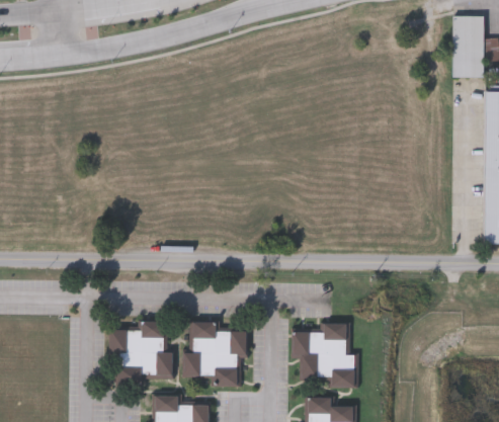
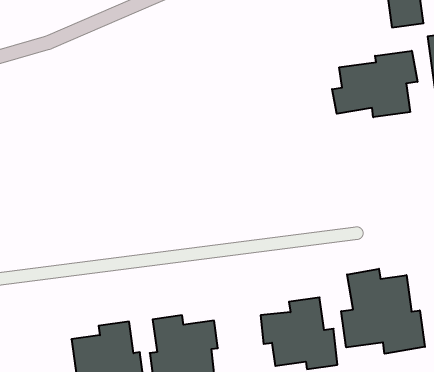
building: none -> [332,51,417,117]
building: none -> [341,269,425,354]

